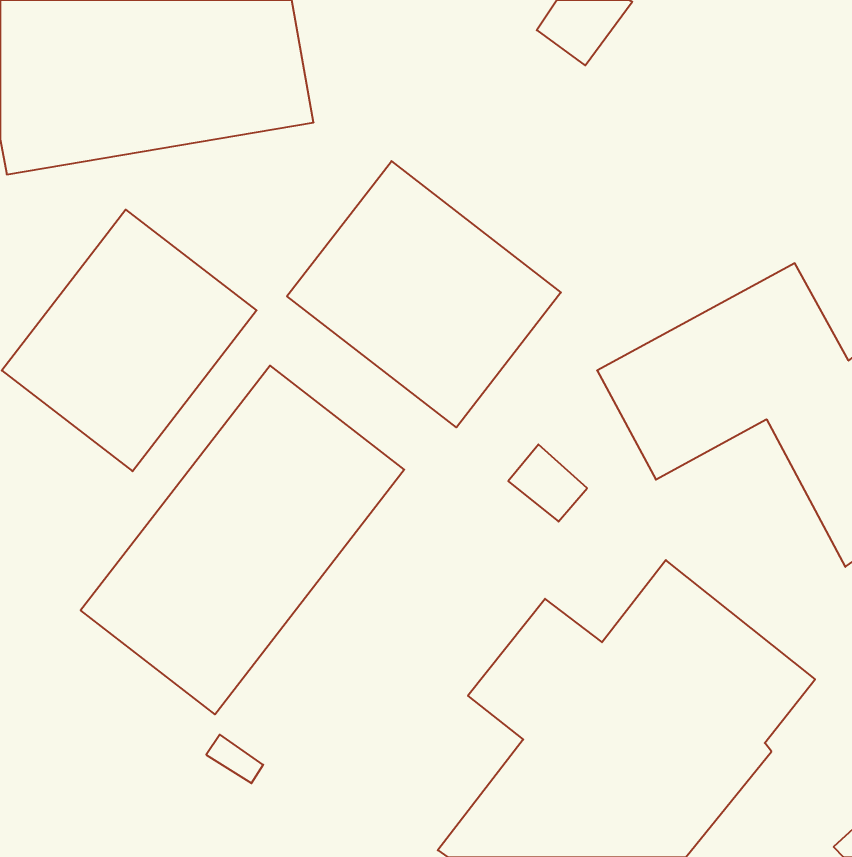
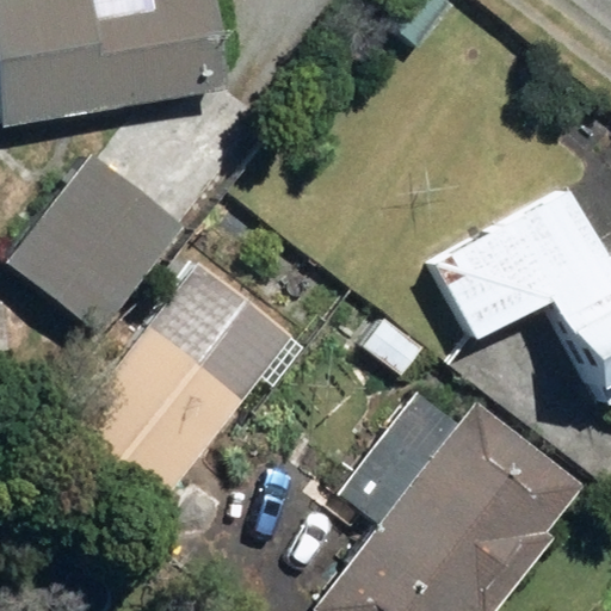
building: [287,161,561,427] -> none

